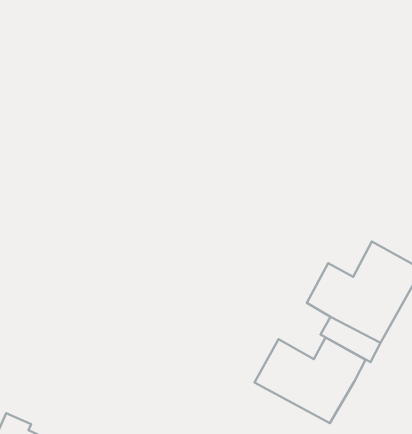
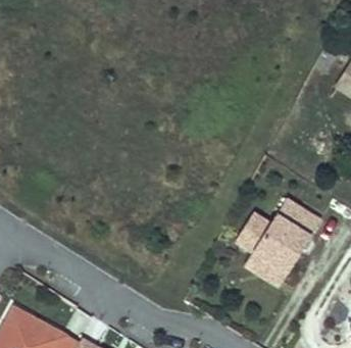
building: [255,337,365,423] -> none

